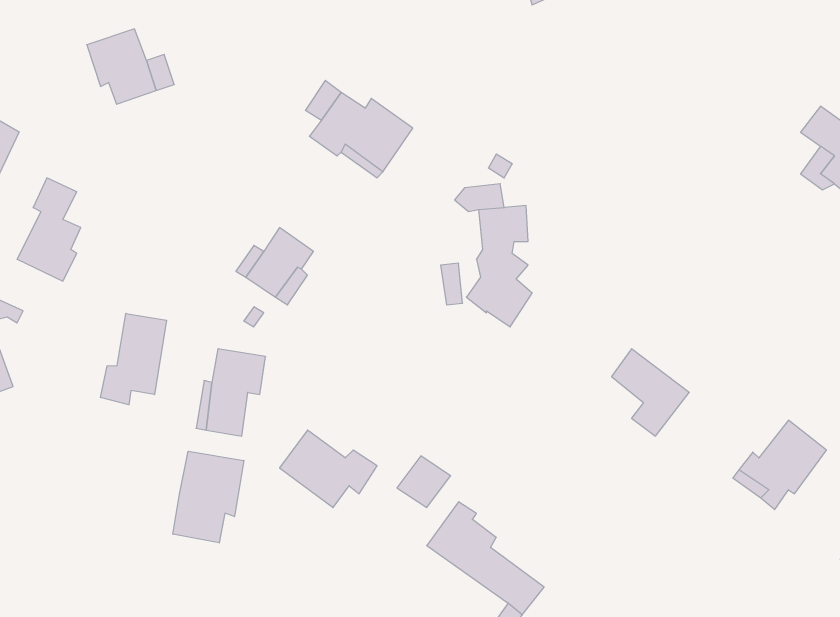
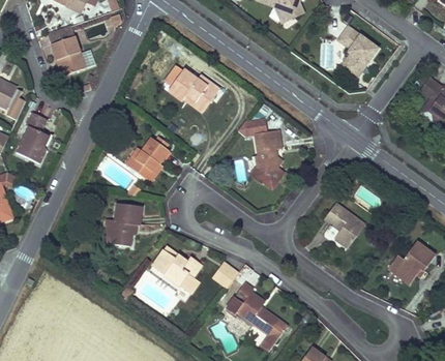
building: none -> [339,26,380,78]
building: [101,313,167,405] -> none
building: [173,451,244,543] -> none

